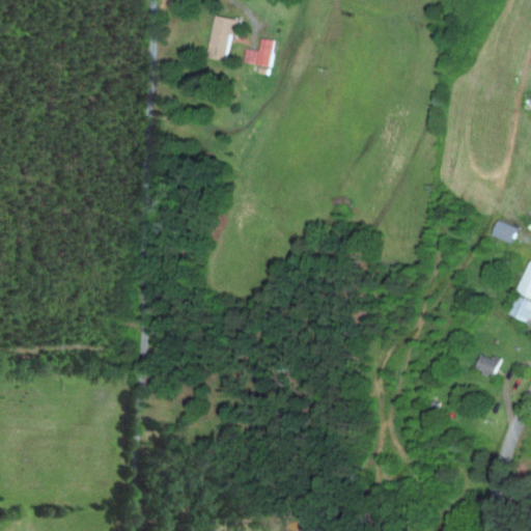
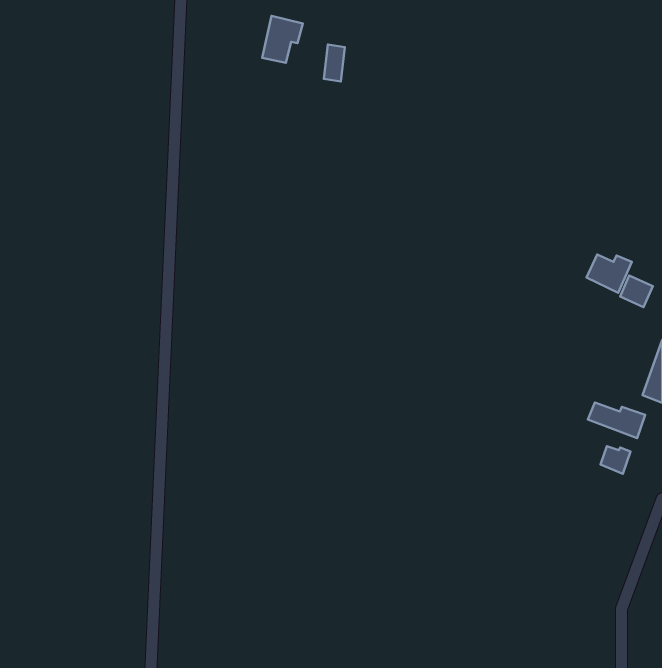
building: none -> [587,255,632,293]
building: none -> [588,402,645,438]

